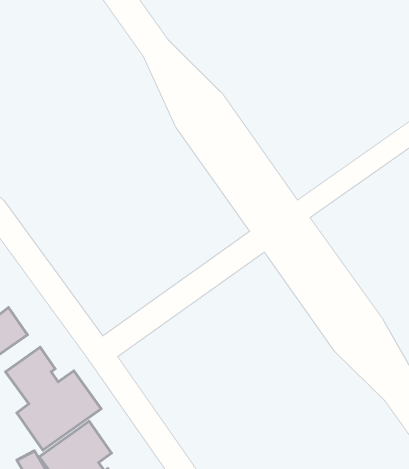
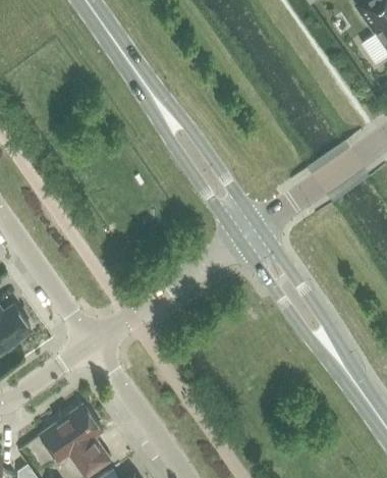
building: [5,347,101,450] -> none

